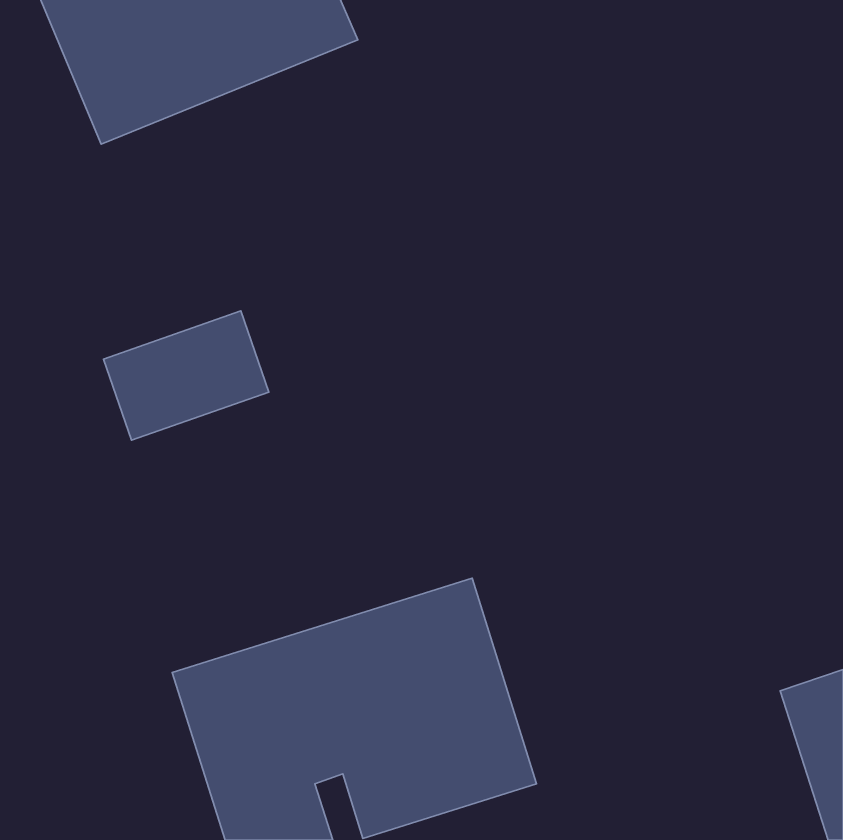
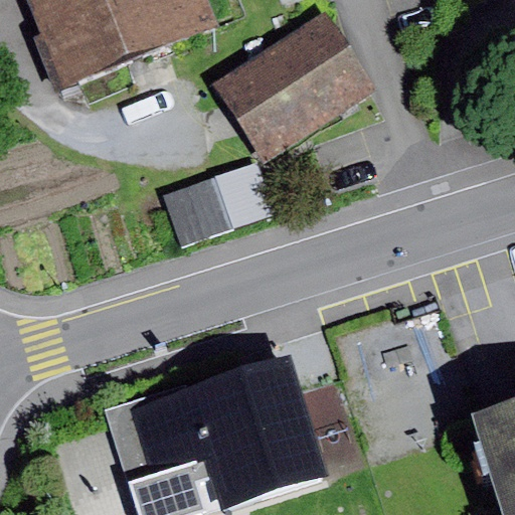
building: none -> [218,23,374,168]
building: [103,311,269,440] -> [160,165,261,243]

